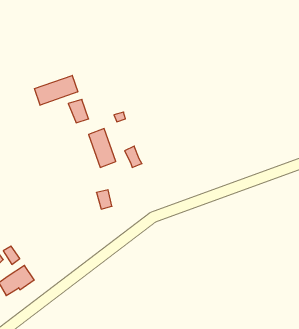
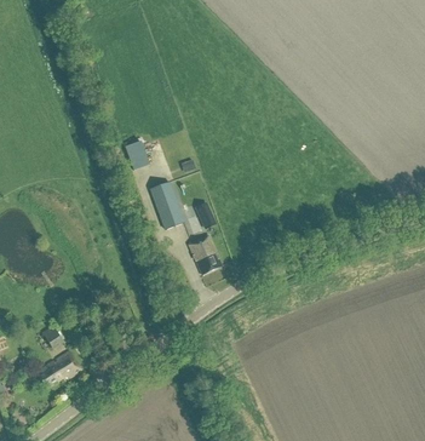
building: [35,75,78,105] -> none
building: none -> [188,234,223,274]

